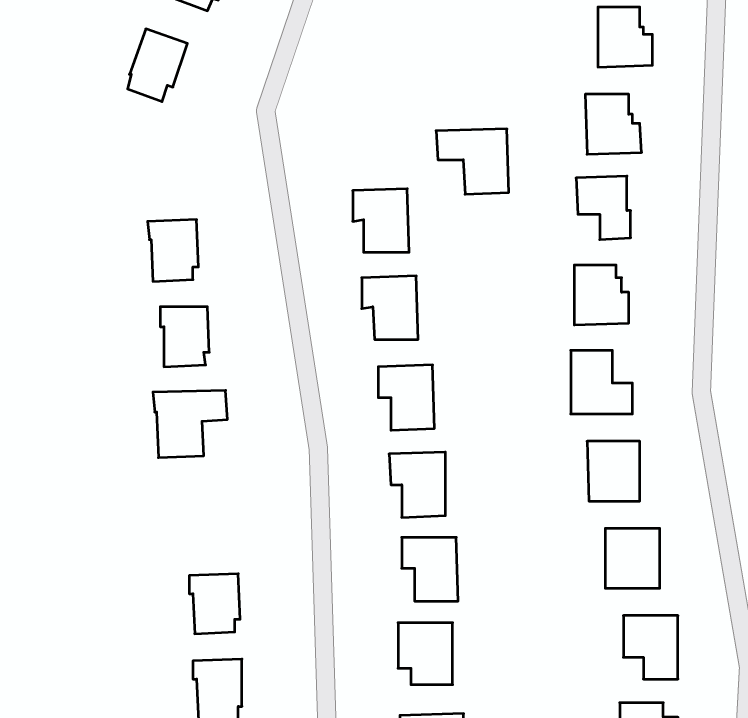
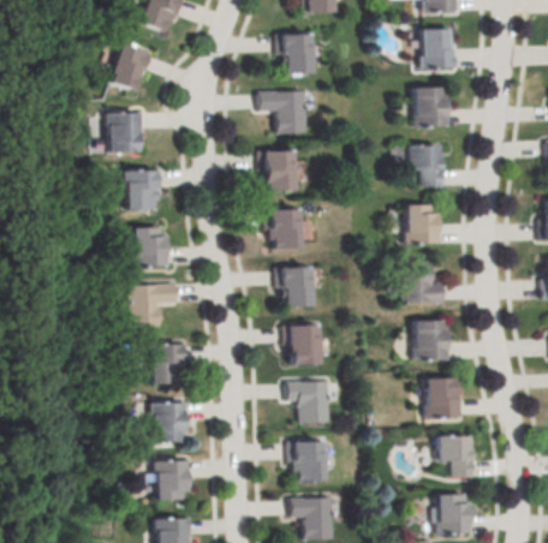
building: none -> [276,35,314,77]
building: [436,129,509,194] -> [260,86,308,130]
building: none -> [106,113,139,154]
building: none -> [150,345,183,386]

